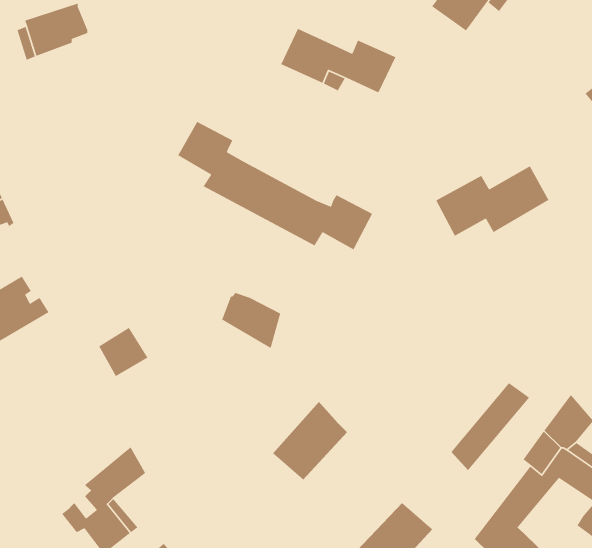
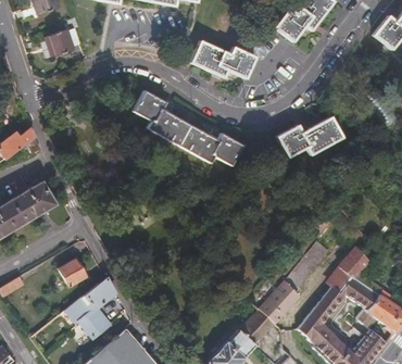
building: [221,292,281,349] -> none
building: [98,327,149,377] -> [59,258,87,286]
building: [272,401,348,480] -> [259,277,301,322]

